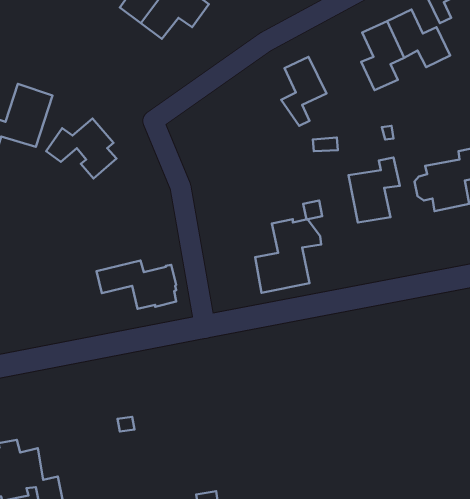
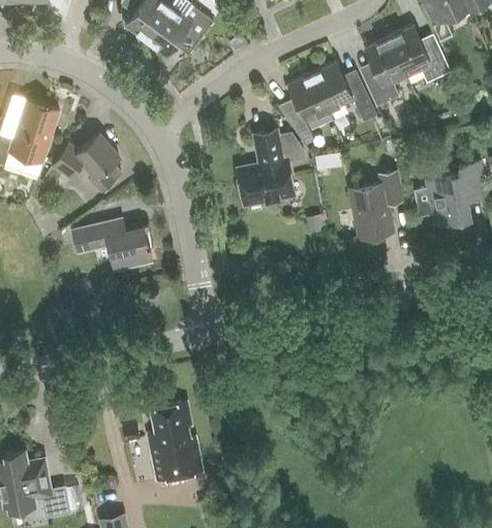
building: none -> [311,62,376,122]
building: [255,219,321,293] -> [239,132,304,205]
building: [97,261,176,309] -> [72,221,151,269]
building: none -> [147,402,204,482]

